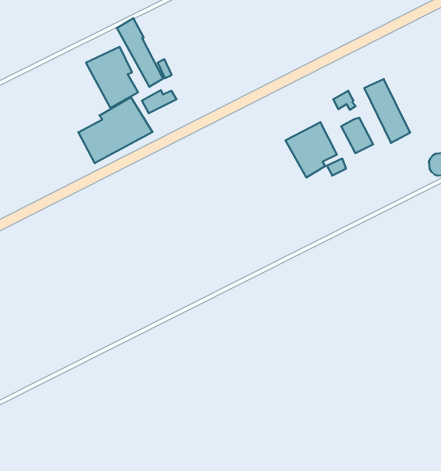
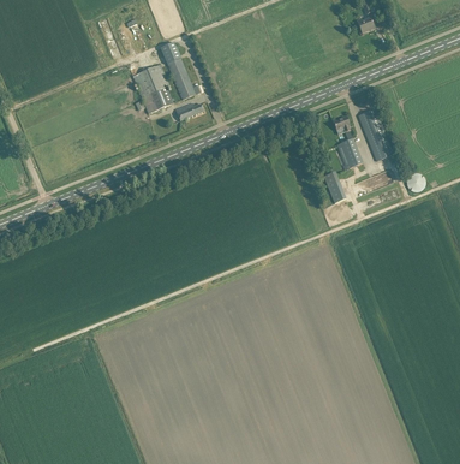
building: [78,97,153,163] -> none
building: [285,122,337,178] -> none

